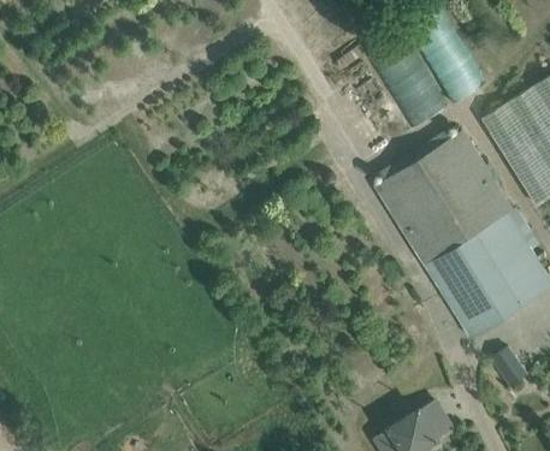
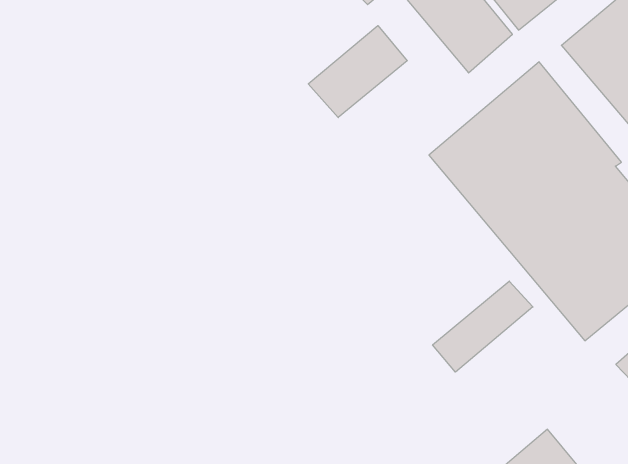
building: none -> [308,26,407,118]
building: none -> [433,281,533,372]

